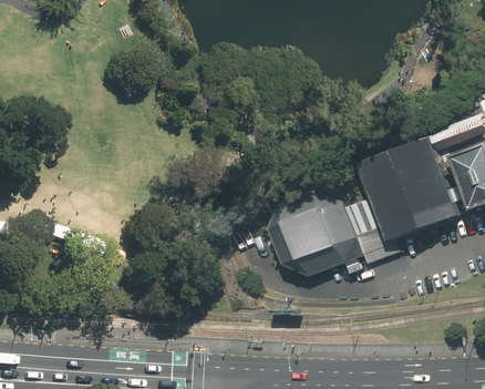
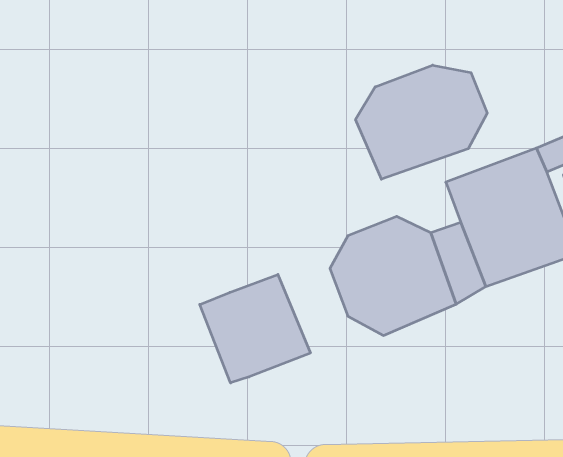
building: none -> [356,65,487,179]
building: none -> [200,274,310,383]

